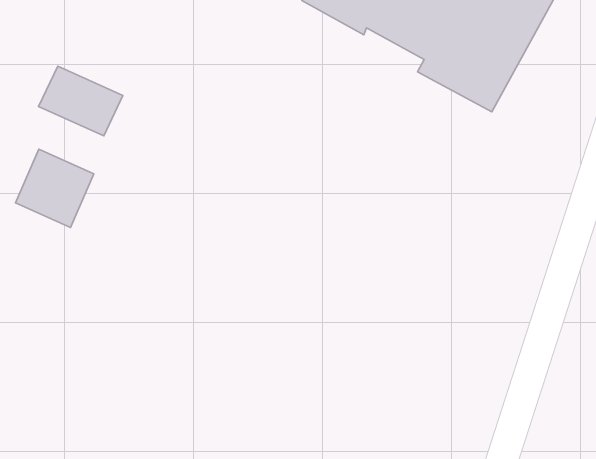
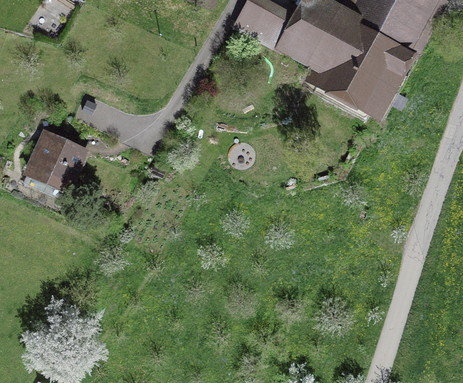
building: [39,66,123,136] -> none

